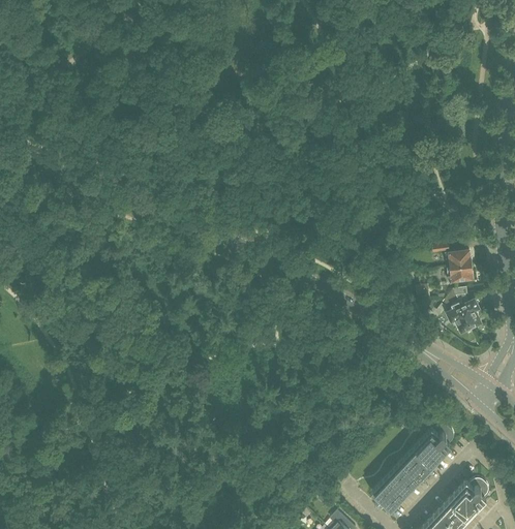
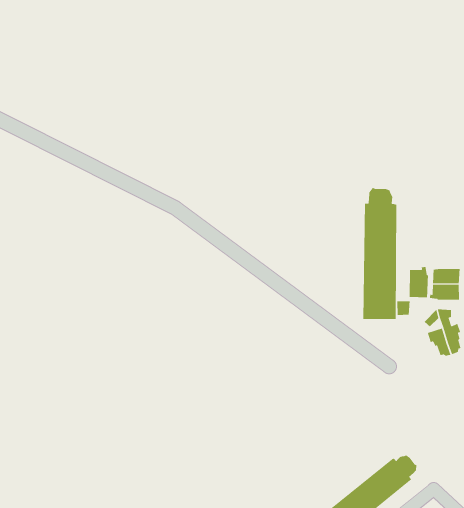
building: none -> [363,187,397,320]
building: none -> [409,266,429,298]

